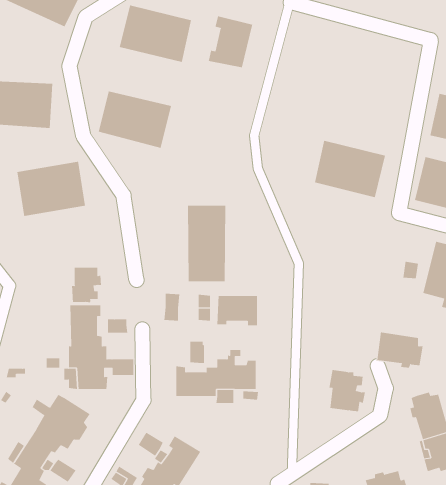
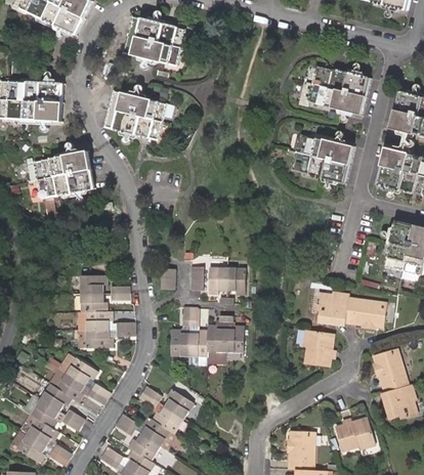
building: [208,16,253,68] -> none
building: none -> [298,63,370,115]
building: [188,205,226,282] -> none
building: [71,267,102,303] -> none
building: none -> [315,294,348,325]

